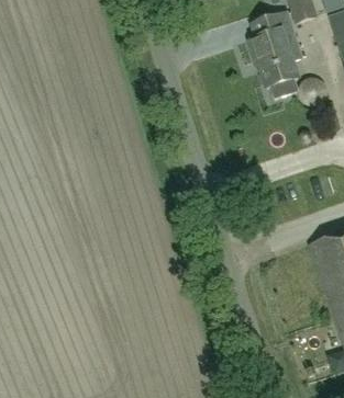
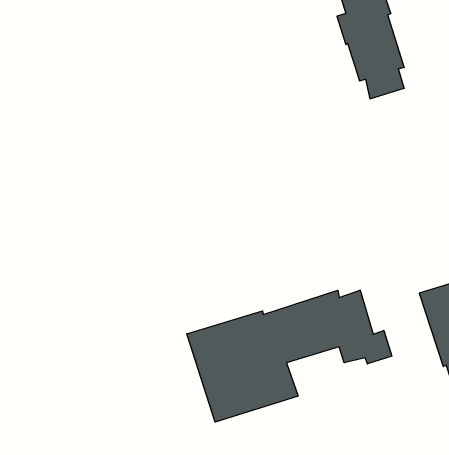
building: none -> [187,290,392,422]

